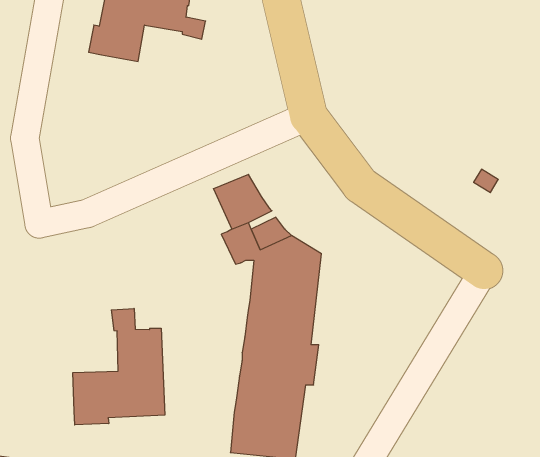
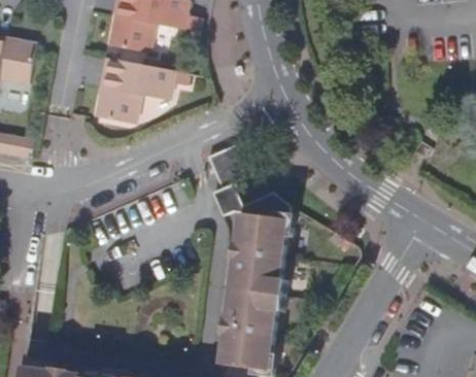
building: none -> [94,60,173,125]
building: [73,308,165,425] -> none

